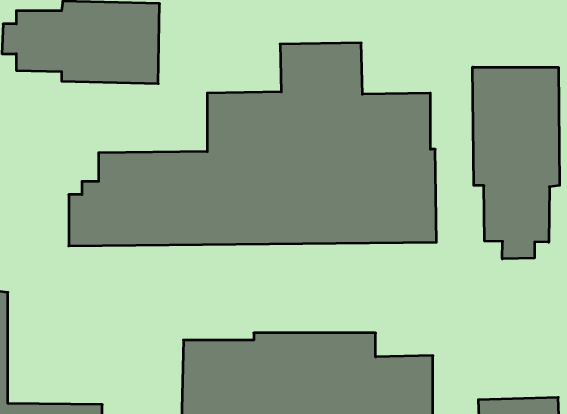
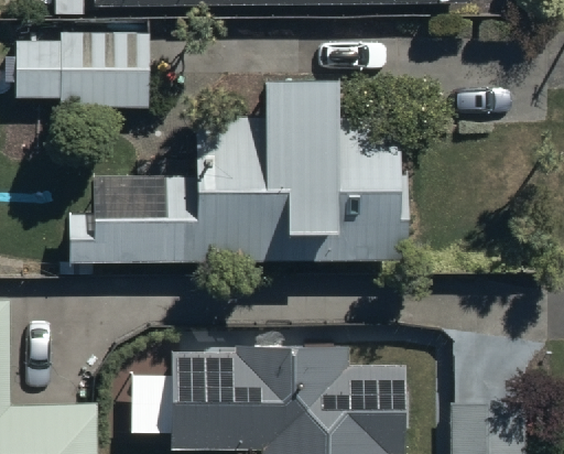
building: [473,67,560,259] -> none

